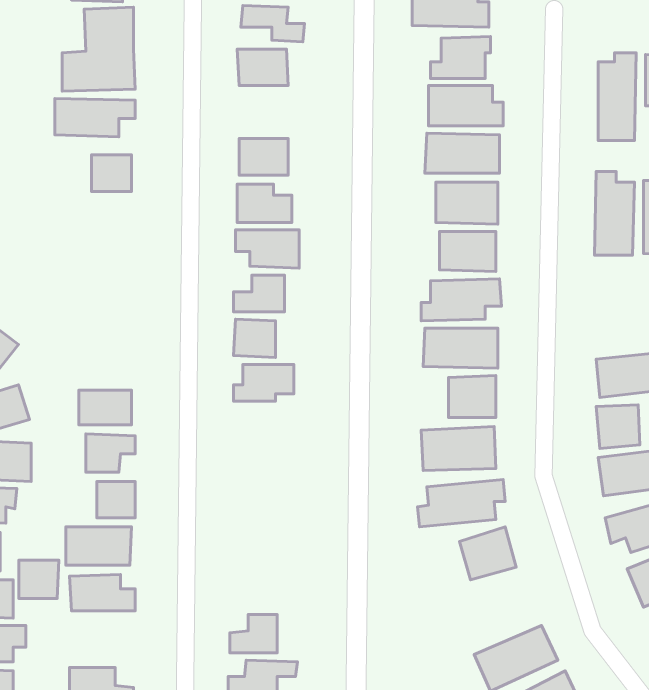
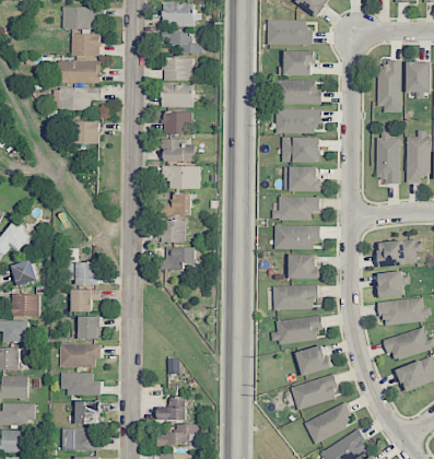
building: none -> [161,85,192,107]
building: [19,560,59,599] -> [75,401,99,424]
building: none -> [290,374,337,410]

